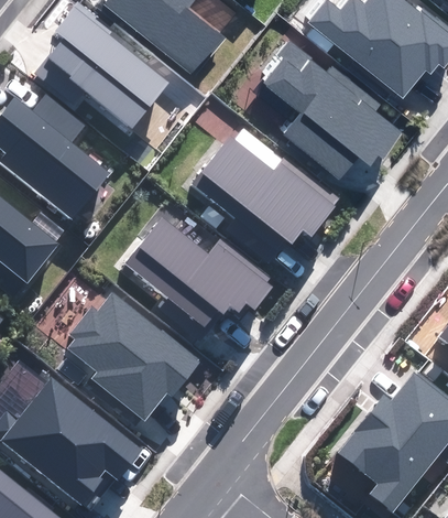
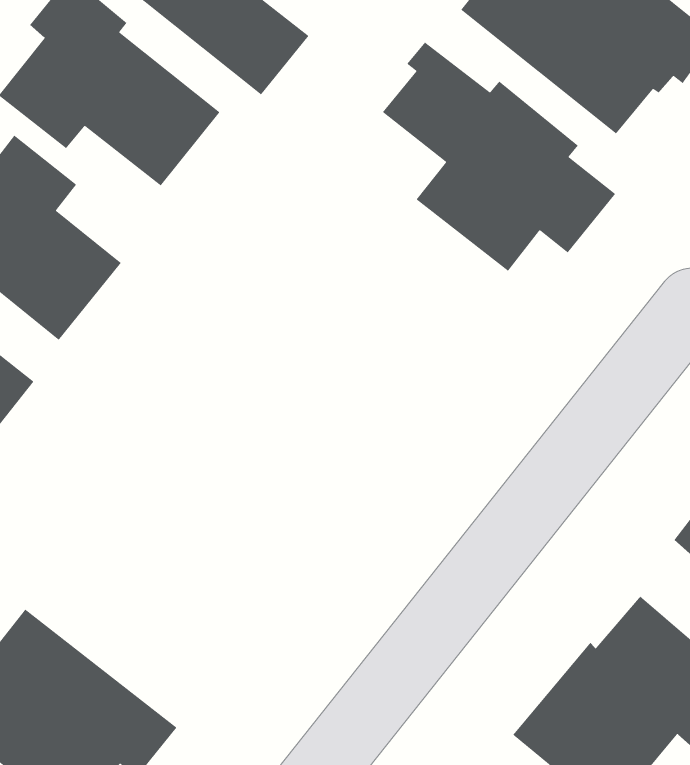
building: [190,137,339,242] -> none
building: [125,219,272,325] -> none
building: [67,293,197,419] -> none

